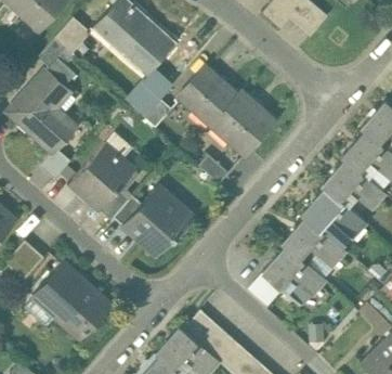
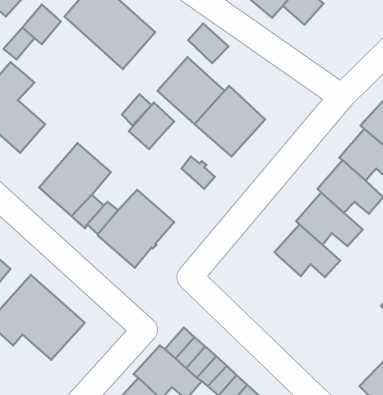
building: none -> [188,23,229,63]
building: [127,76,168,118] -> [129,102,174,149]
building: [263,246,324,307] -> none

